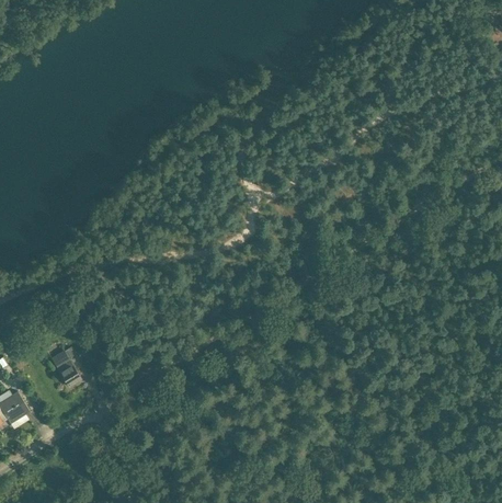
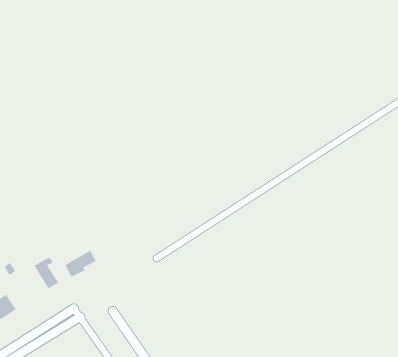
building: none -> [64,250,97,278]

